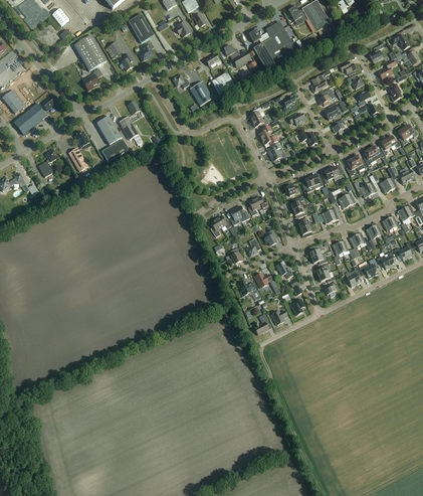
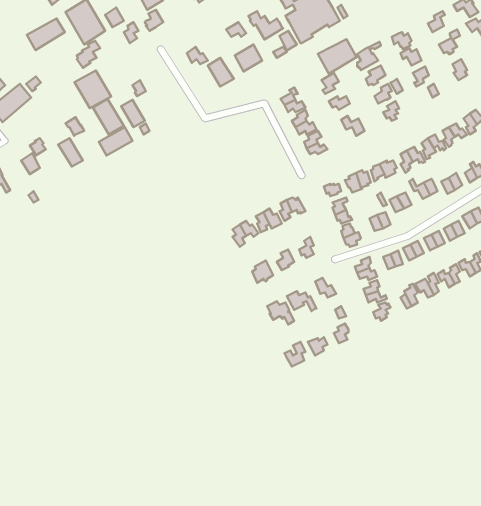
building: none -> [27,18,65,50]
building: none -> [318,39,356,74]
building: none -> [74,71,111,108]

